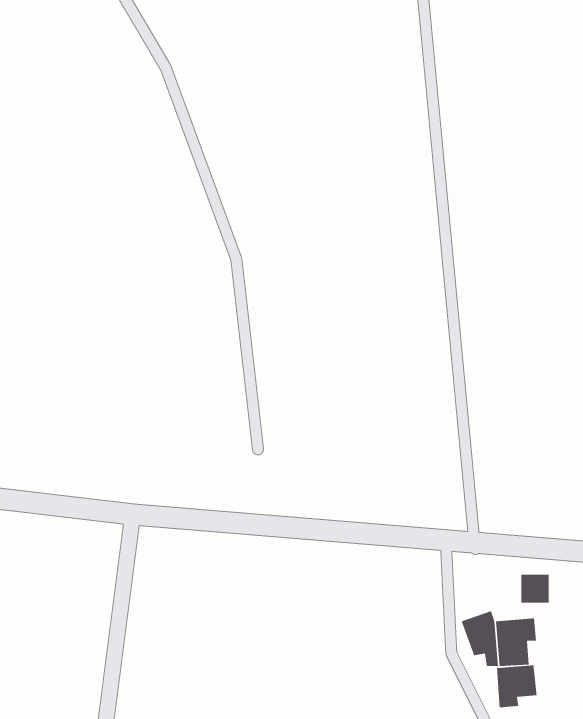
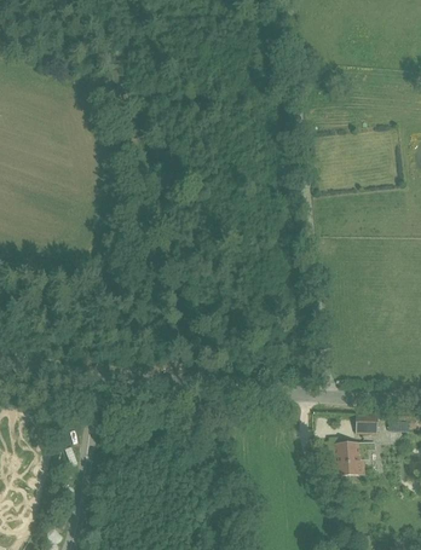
building: [496,664,537,708] -> none

